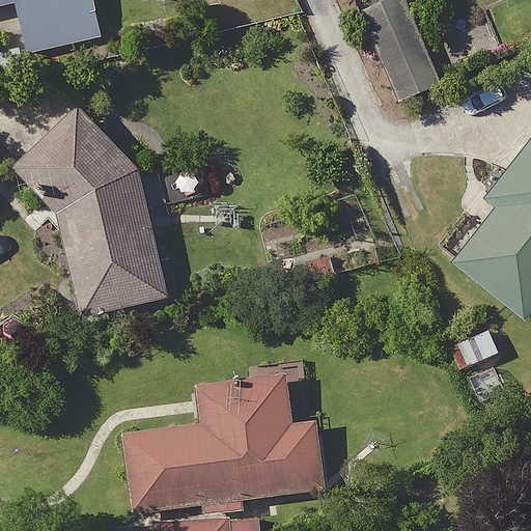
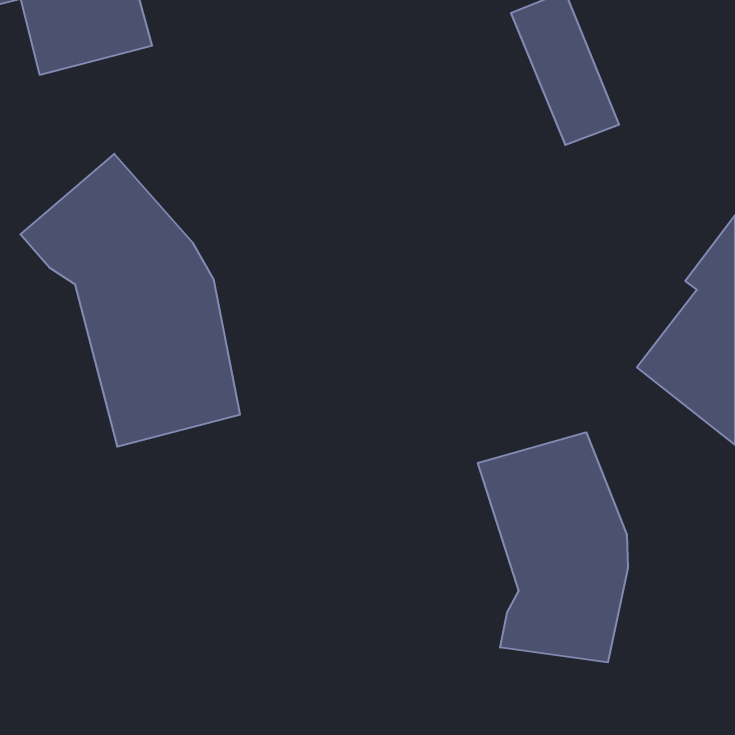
building: none -> [478,432,628,662]
building: [123,371,322,510] -> none

